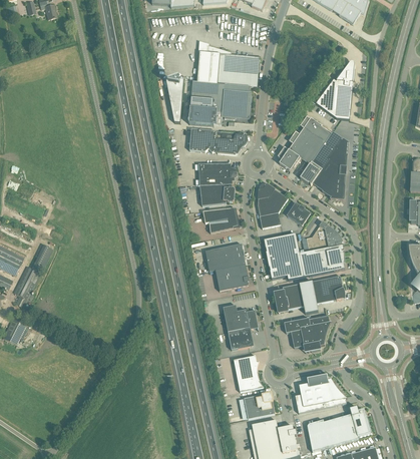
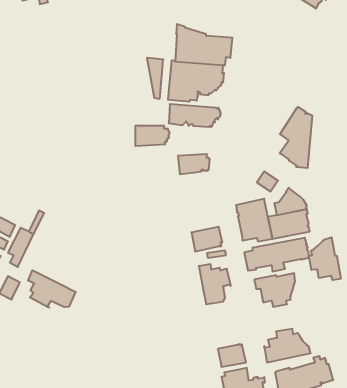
building: [316,64,354,119] -> none
building: [278,115,331,184] -> none
building: [198,163,237,185] -> [135,126,170,146]
building: [258,182,288,227] -> none
building: [202,207,238,233] -> none
building: [204,243,245,271] -> none
building: none -> [309,237,341,280]
building: none -> [28,270,76,308]
building: [233,355,263,391] -> none

